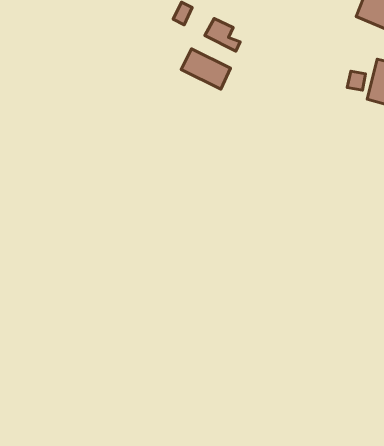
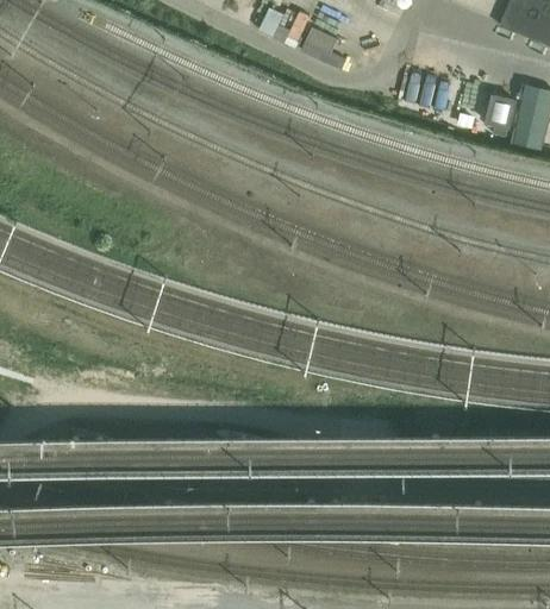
building: [181,49,230,89] -> none

